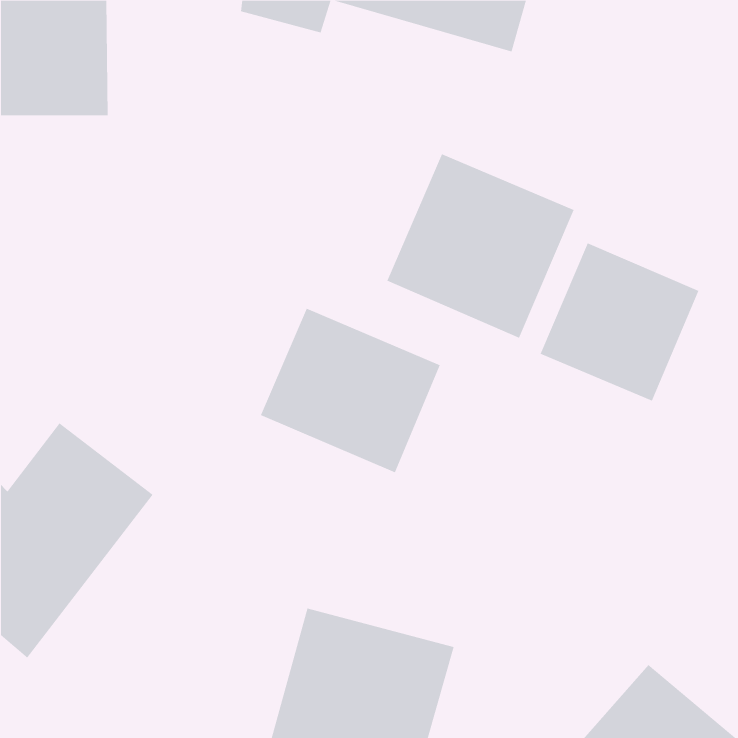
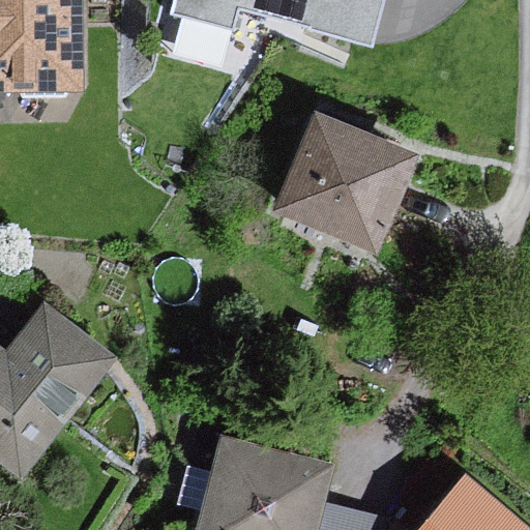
building: [540,242,699,401] -> none
building: [260,308,440,473] -> none

